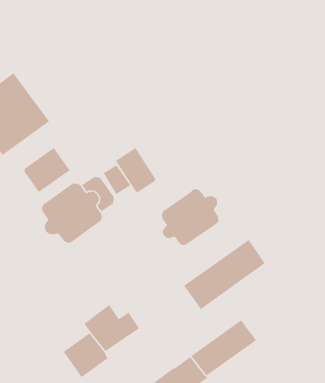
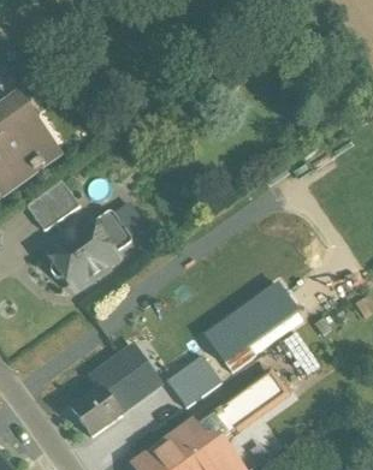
building: [115,147,156,193] -> none
building: [161,189,219,246] -> none
building: none -> [167,356,221,407]

